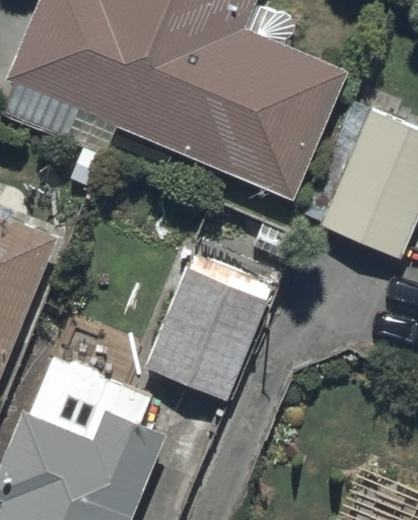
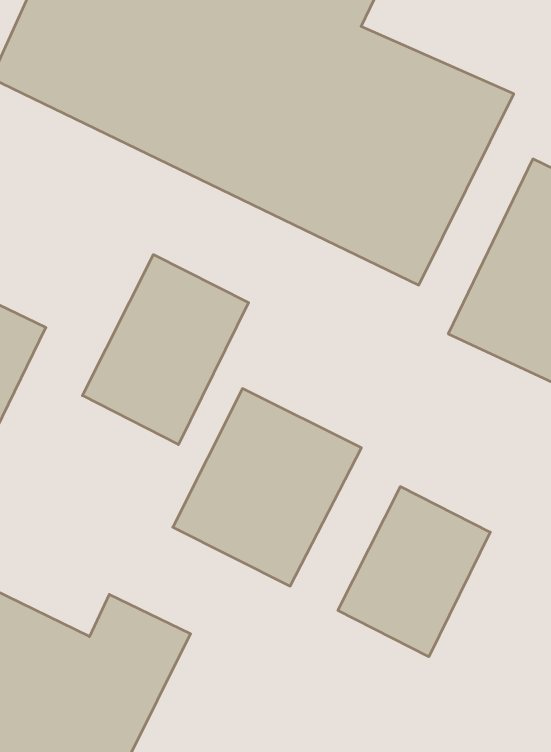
building: none -> [82,255,249,445]
building: none -> [338,487,490,657]

